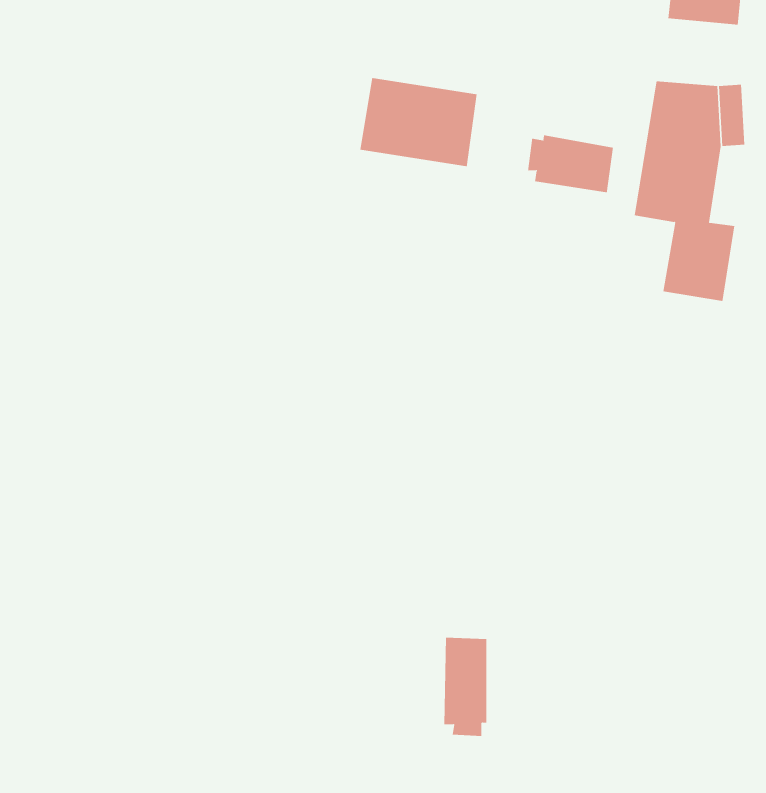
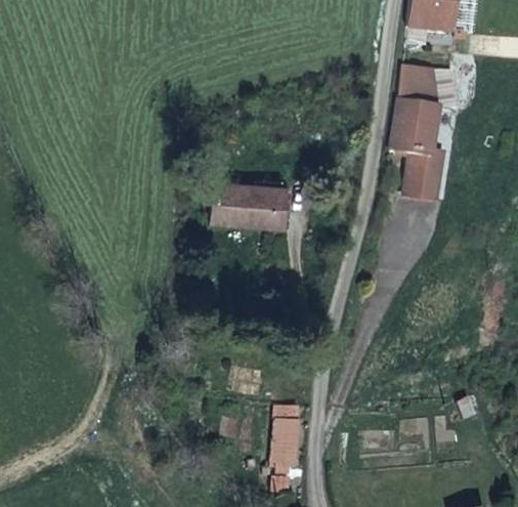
building: [360,77,478,167] -> [212,176,284,230]
building: [528,134,614,193] -> none

